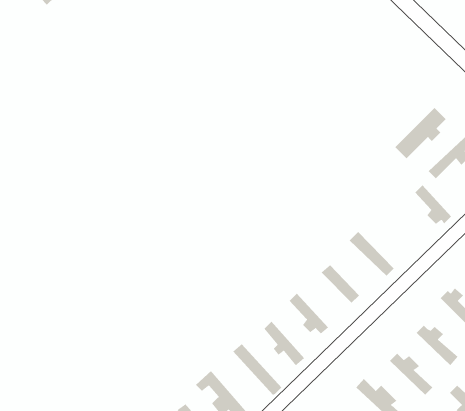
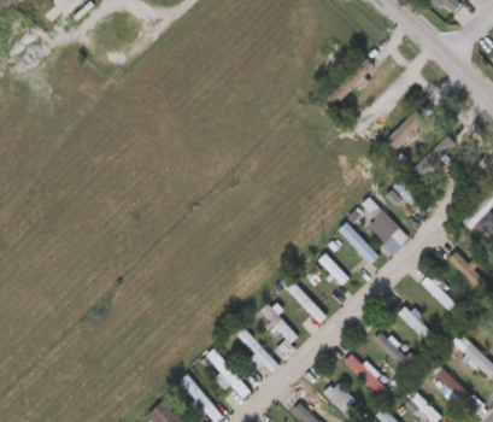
building: none -> [362,197,409,245]

